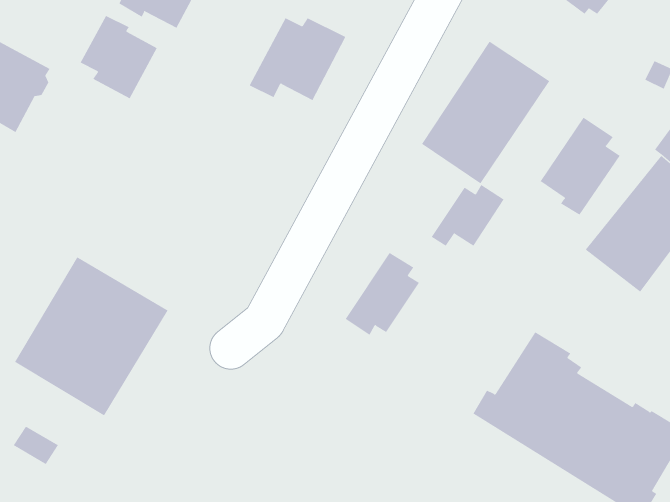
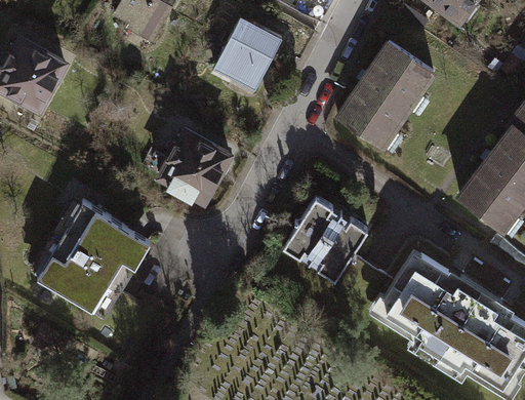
building: [80,15,157,99] -> none
building: [540,117,620,215] -> none
building: none -> [160,130,229,200]
building: [431,184,504,247] -> [312,218,366,265]

